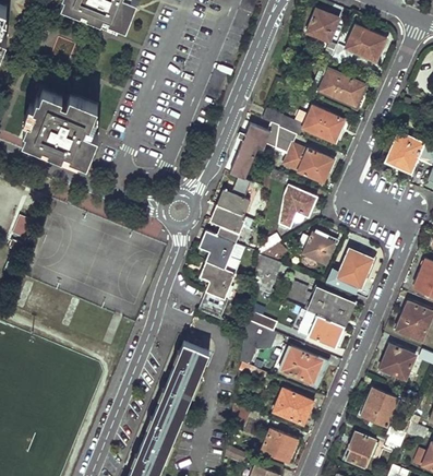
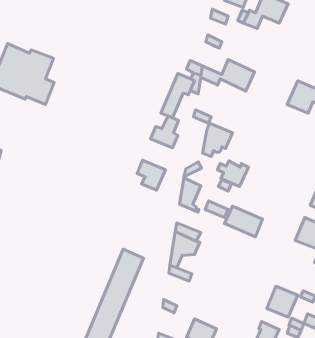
building: [321,69,369,109] -> none
building: [278,130,334,185] -> none
building: [211,205,246,243] -> none
building: [338,249,375,288] -> none
building: [199,261,237,320] -> none
building: [299,310,347,348] -> none
building: [378,345,414,379] -> none
building: [282,346,328,385] -> none
building: [274,388,314,423] -> none

